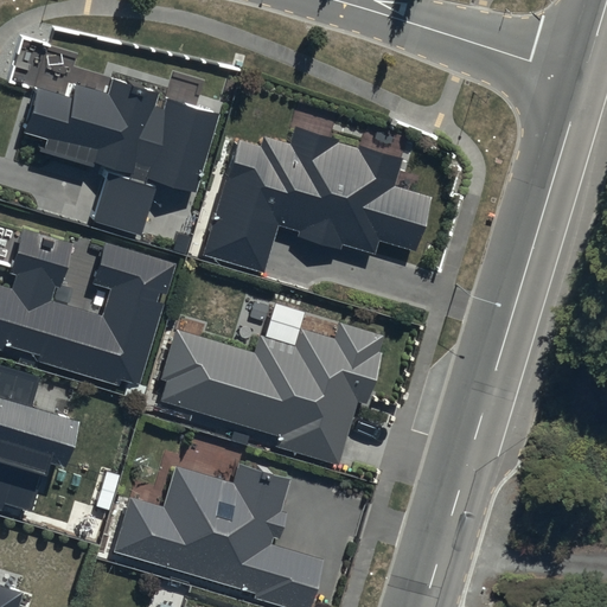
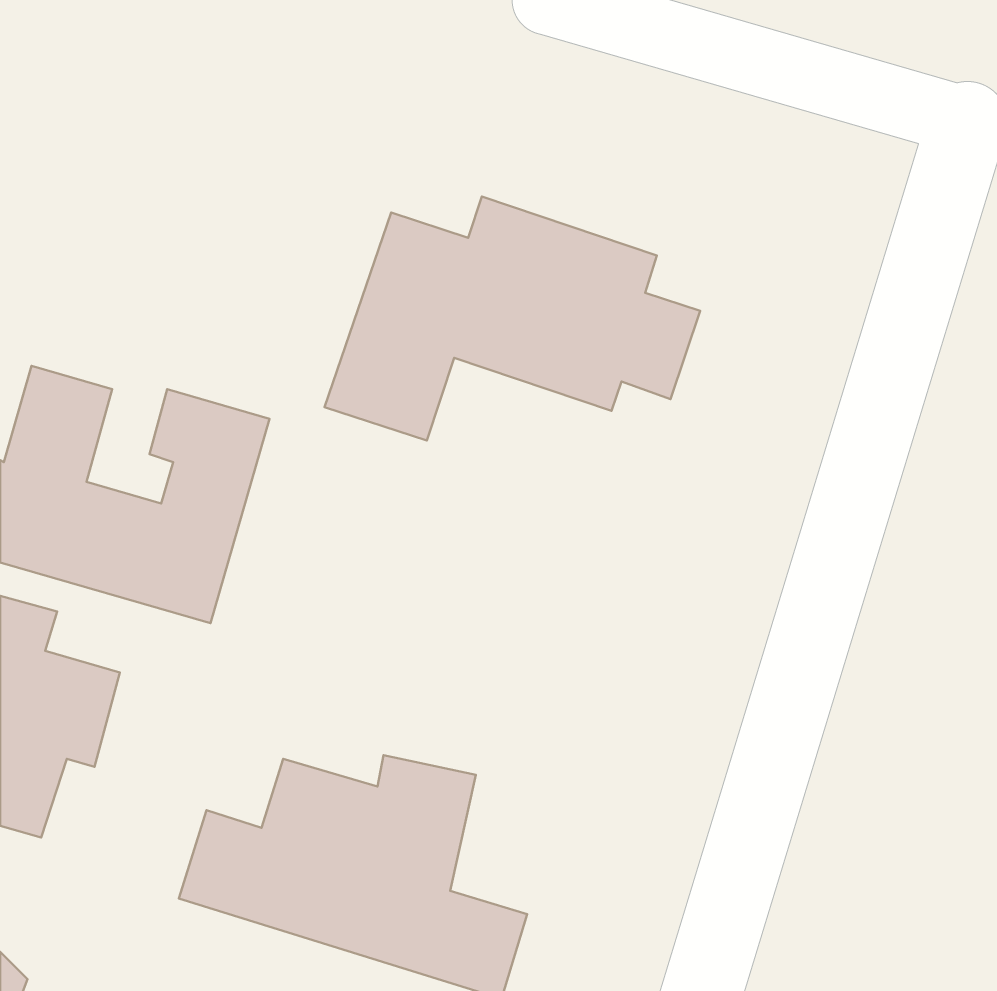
building: [27,77,217,239] -> none
building: [158,324,377,459] -> none

